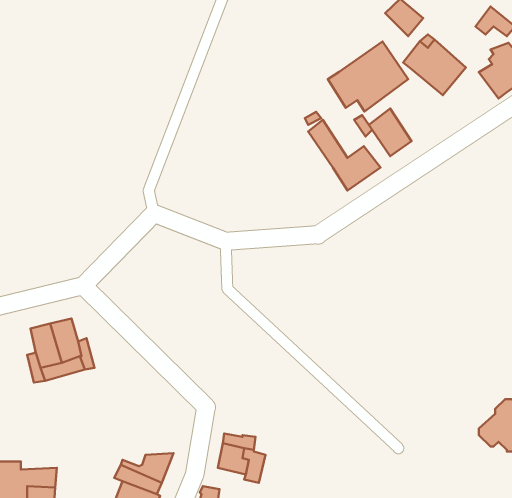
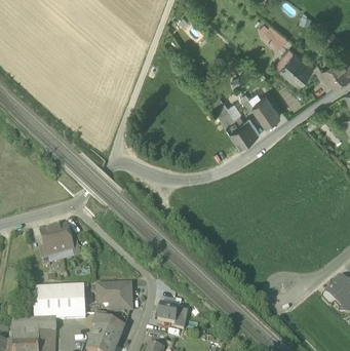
building: [328,42,408,111] -> none
building: none -> [96,281,131,308]
building: none -> [33,284,85,317]

